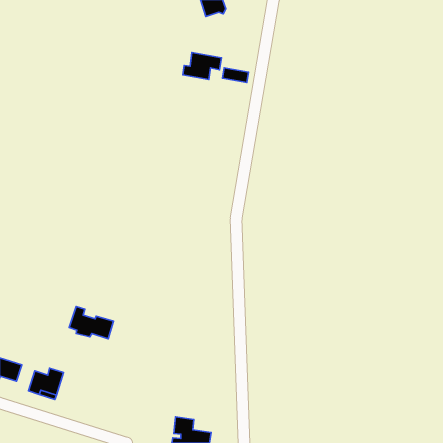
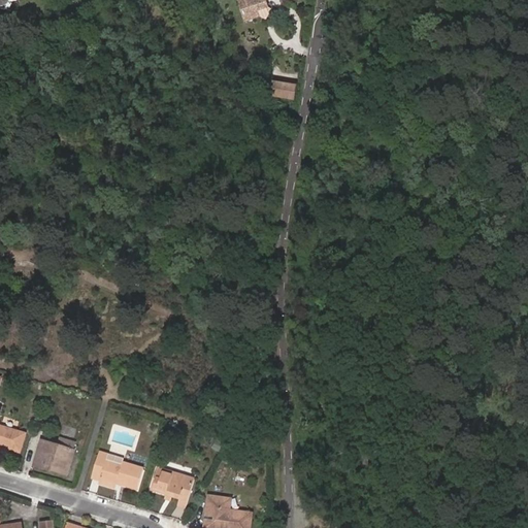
building: [183,53,221,79] -> none
building: [69,307,113,339] -> [90,451,142,489]
building: none -> [152,468,193,507]

